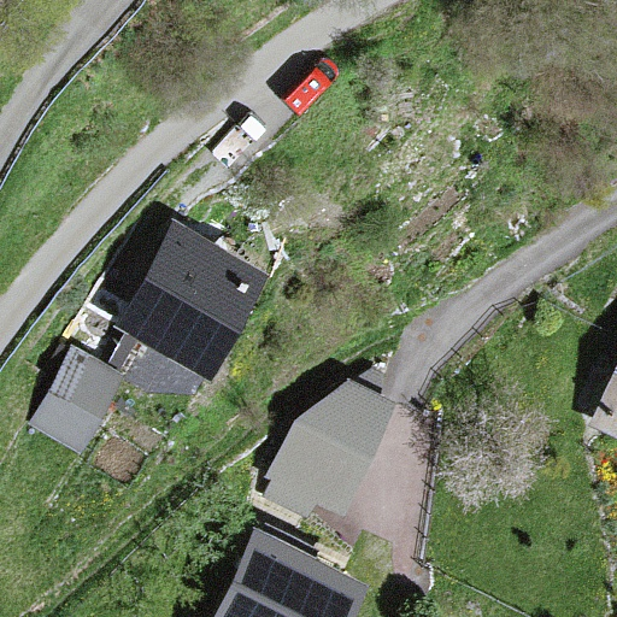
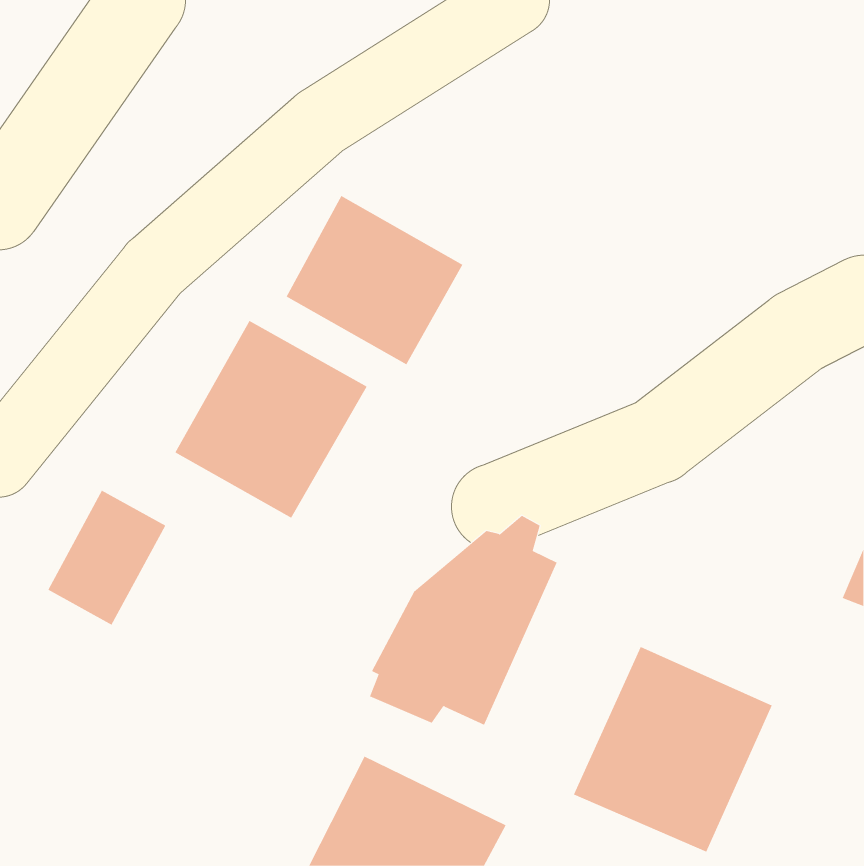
building: none -> [286,195,463,365]
building: none -> [573,646,772,853]

